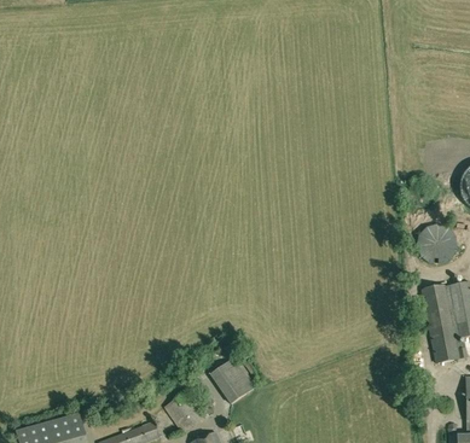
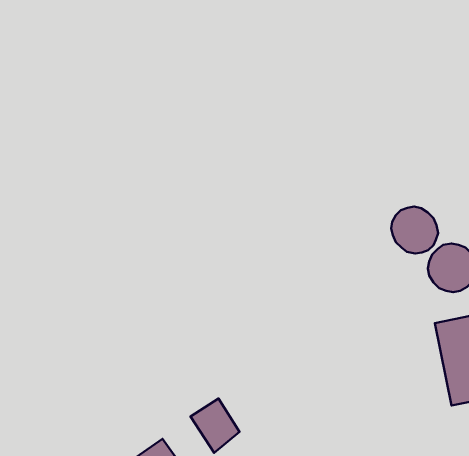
building: none -> [391,207,438,254]

